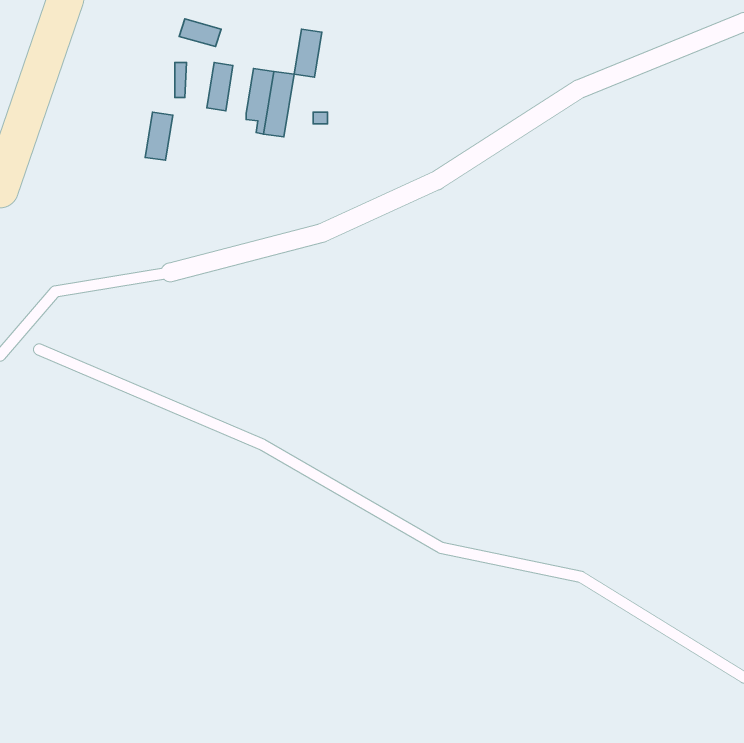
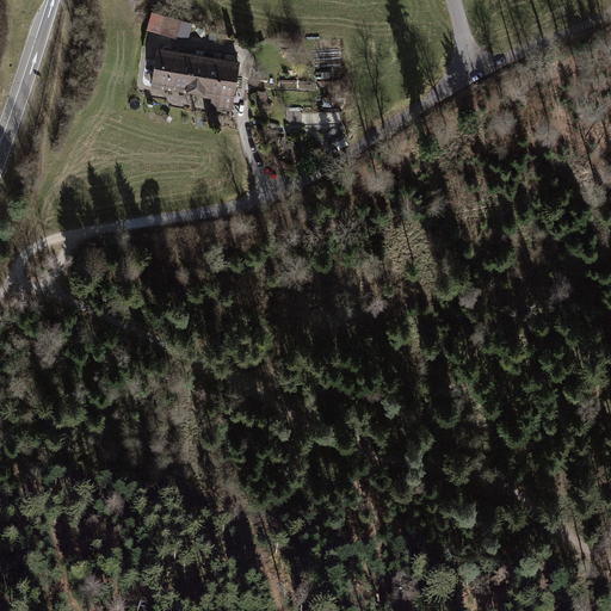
building: [294,29,322,77] -> [185,54,208,93]
building: [145,112,173,160] -> [153,49,175,88]

